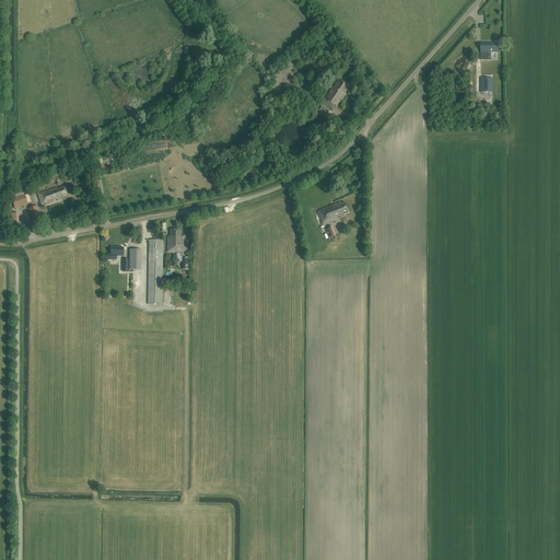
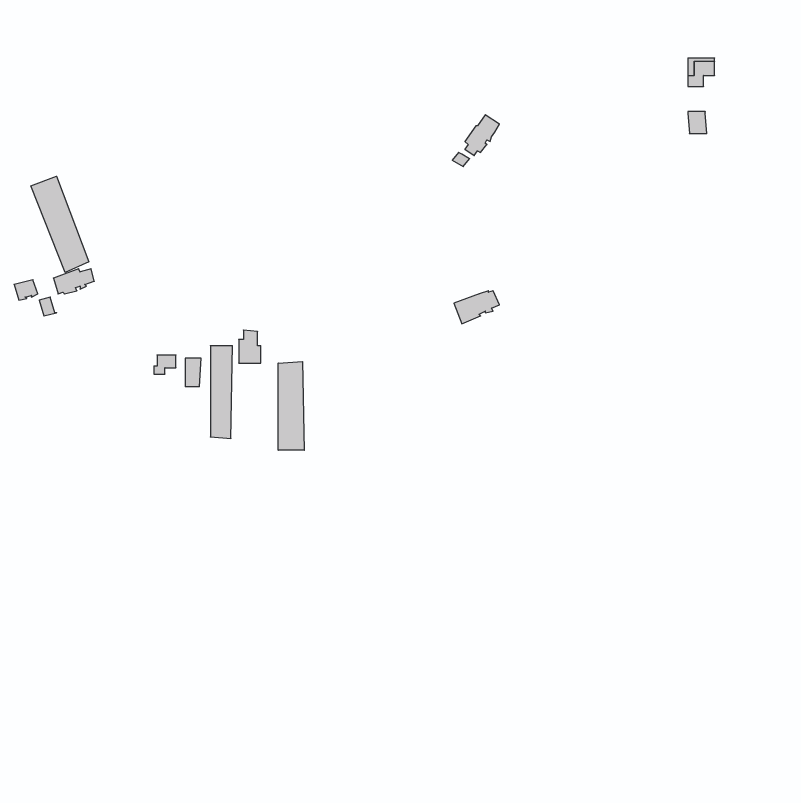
building: none -> [31,176,89,272]
building: none -> [278,362,304,450]

